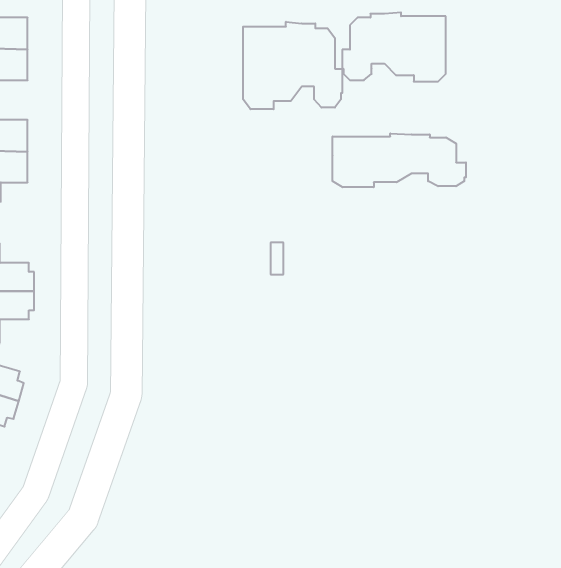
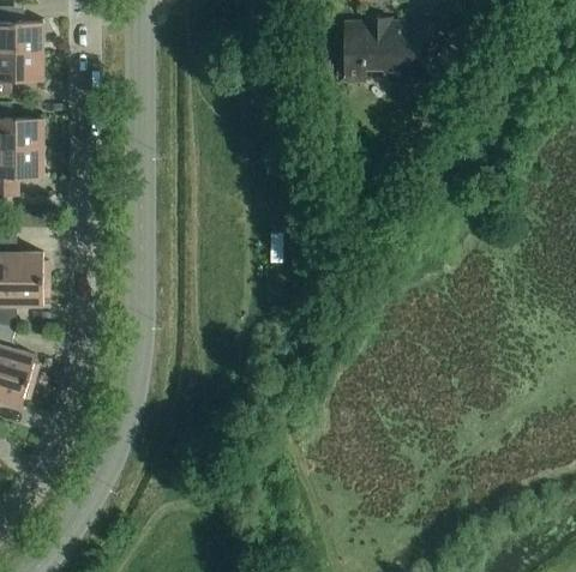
building: [243,22,342,109] -> none
building: [333,133,466,187] -> none

